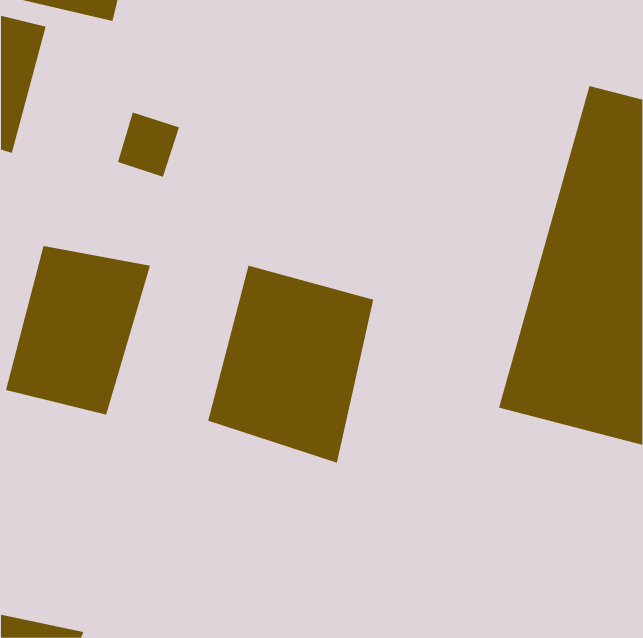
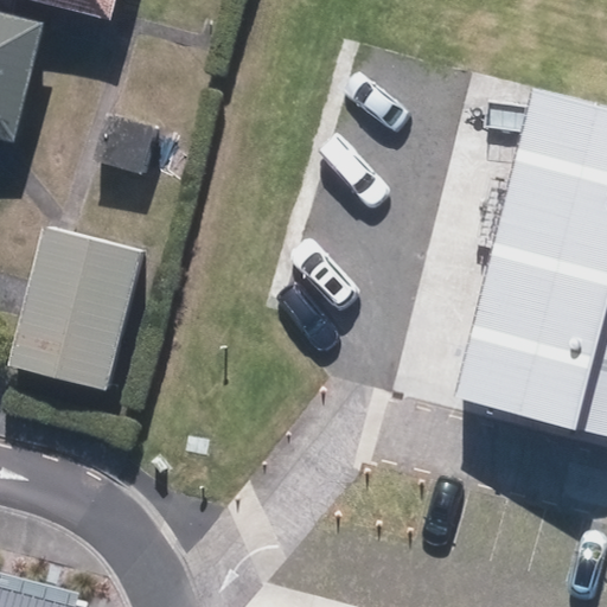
building: [207,265,374,464] -> none

